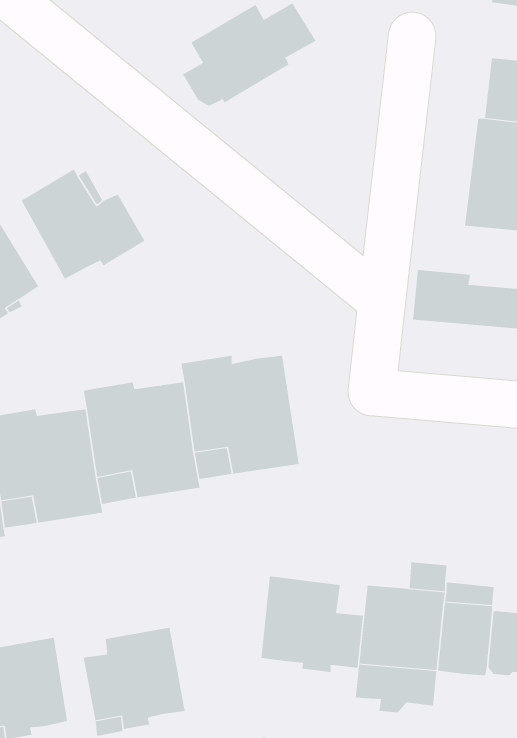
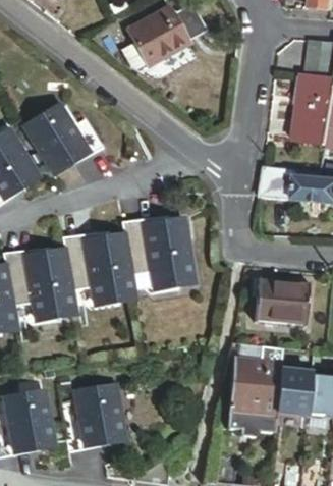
building: none -> [256,277,310,322]
building: [261,576,364,673] -> none

